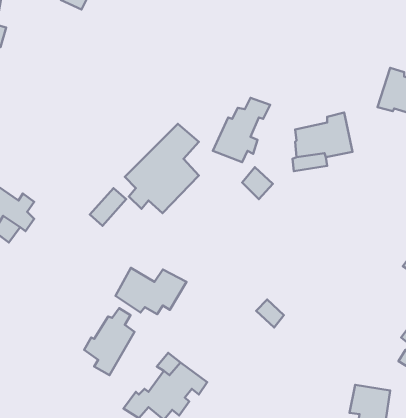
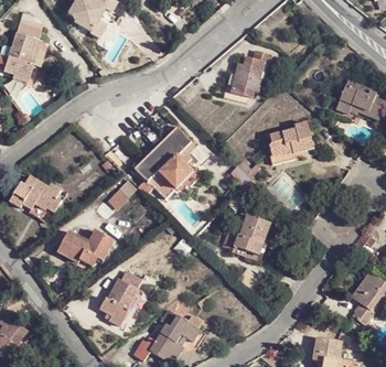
building: [213,98,270,162] -> [229,45,275,96]
building: none -> [224,213,271,252]
building: [115,268,187,314] -> [60,228,116,265]

